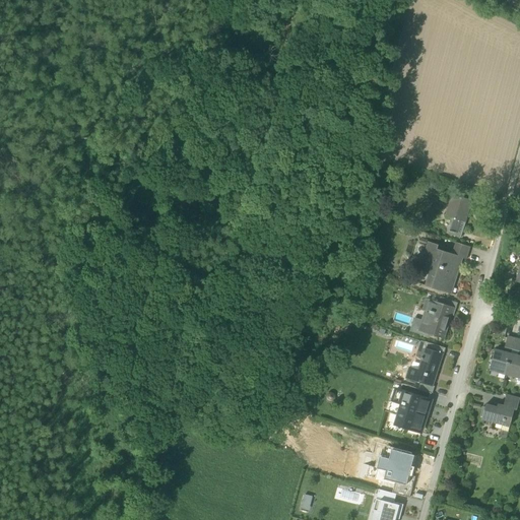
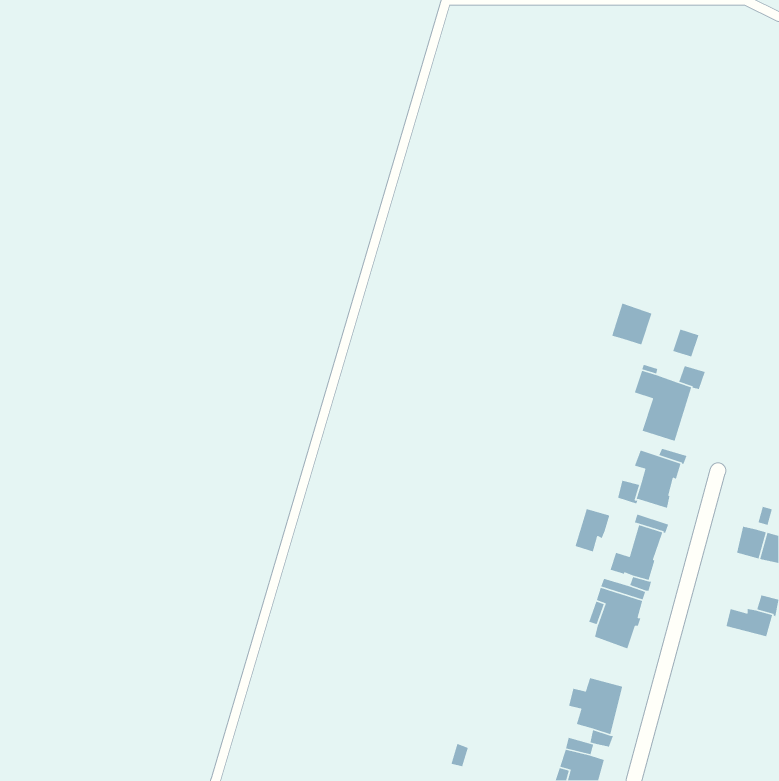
building: [445,194,472,222] -> [611,303,652,345]
building: none -> [574,508,610,552]

